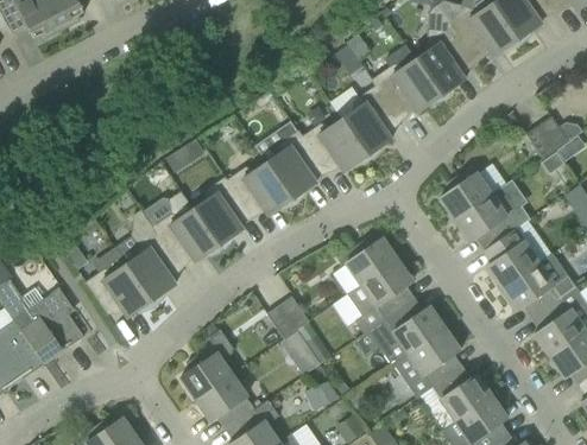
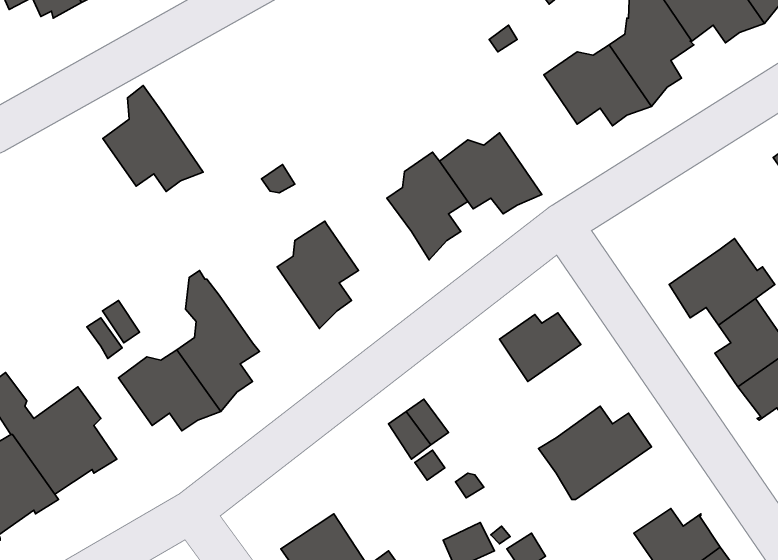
building: [342,78,399,159] -> none
building: [226,161,295,216] -> none
building: [440,167,491,220] -> none
building: [153,191,221,262] -> [103,86,203,191]
building: [347,260,412,333] -> none
building: [393,329,461,398] -> none
building: [181,330,234,398] -> none

